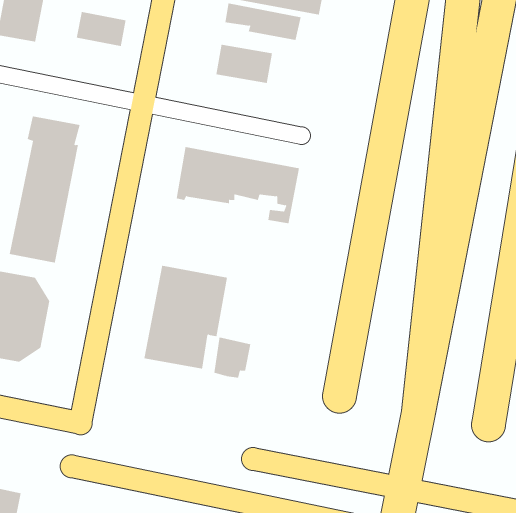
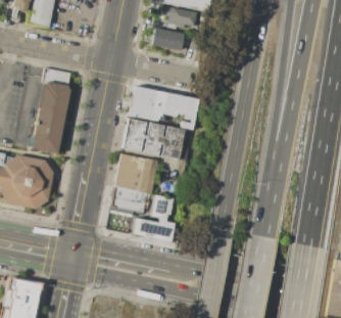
building: [76,11,126,47] -> none
building: none -> [123,118,189,161]
building: none -> [131,217,173,239]

